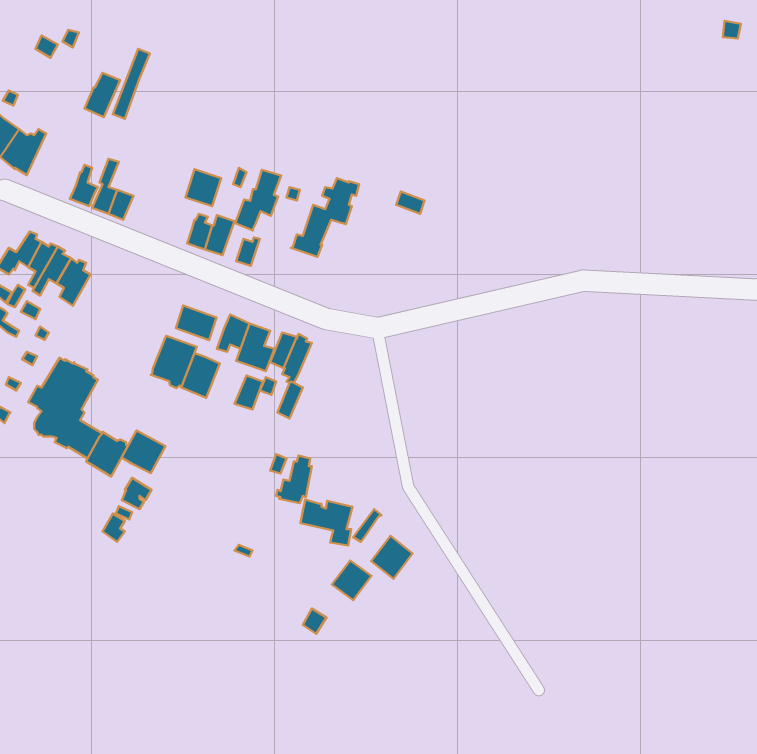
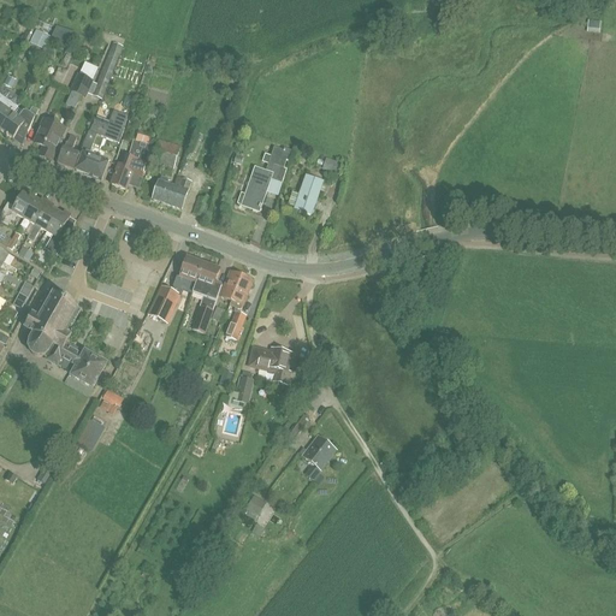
building: none -> [88,109,125,140]
building: none -> [34,117,65,159]
building: [235,170,281,231] -> [111,138,148,188]
building: none -> [297,170,325,211]
building: [176,306,217,340] -> none
building: [151,336,197,388] -> none
building: [122,431,166,473] -> none
building: [301,499,353,545] -> [249,345,291,383]
building: [332,560,371,600] -> none

